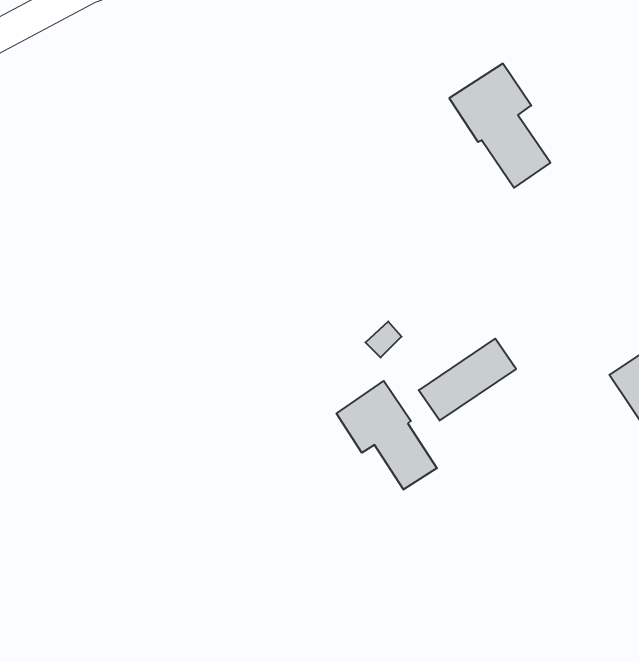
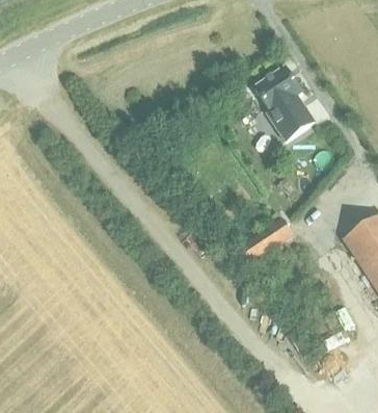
building: [337,381,437,490] -> none

